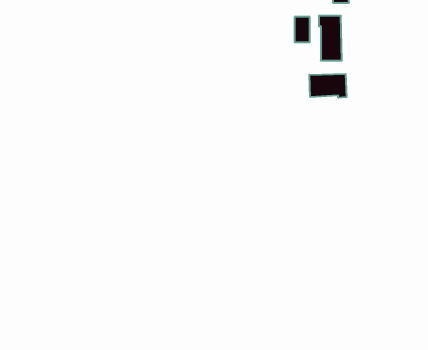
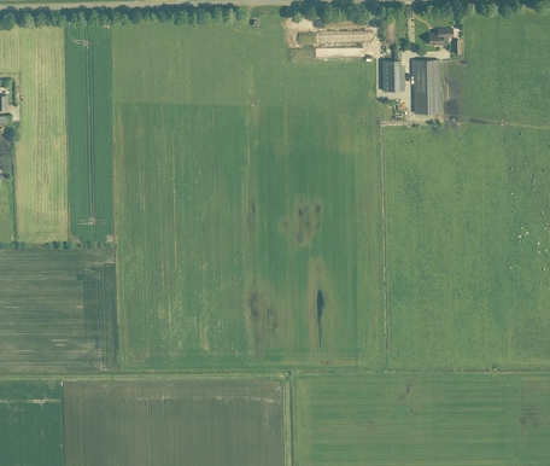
building: [309,74,346,98] -> none

